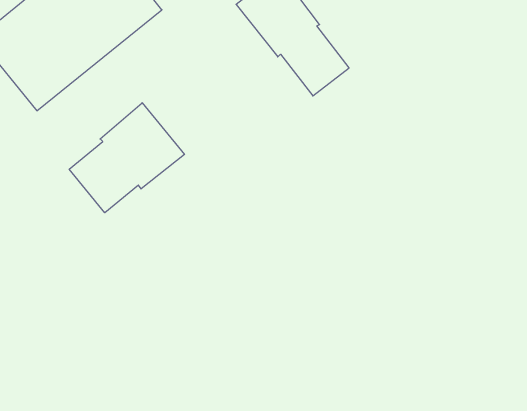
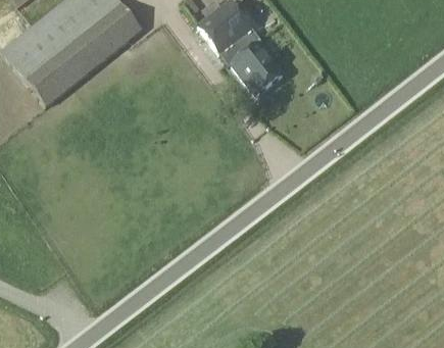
building: [69,103,184,213] -> none

